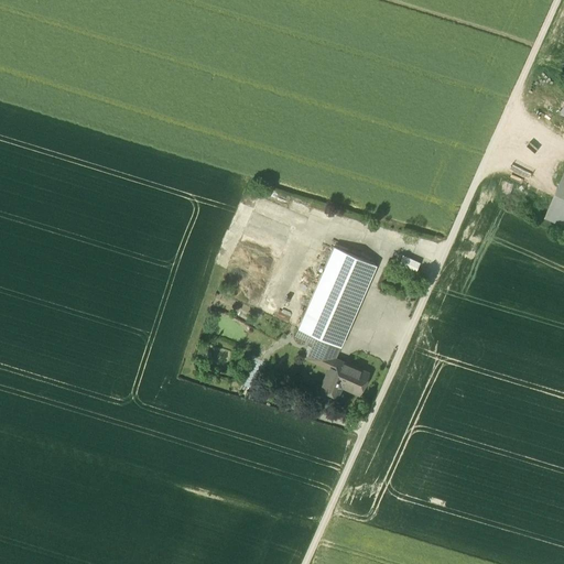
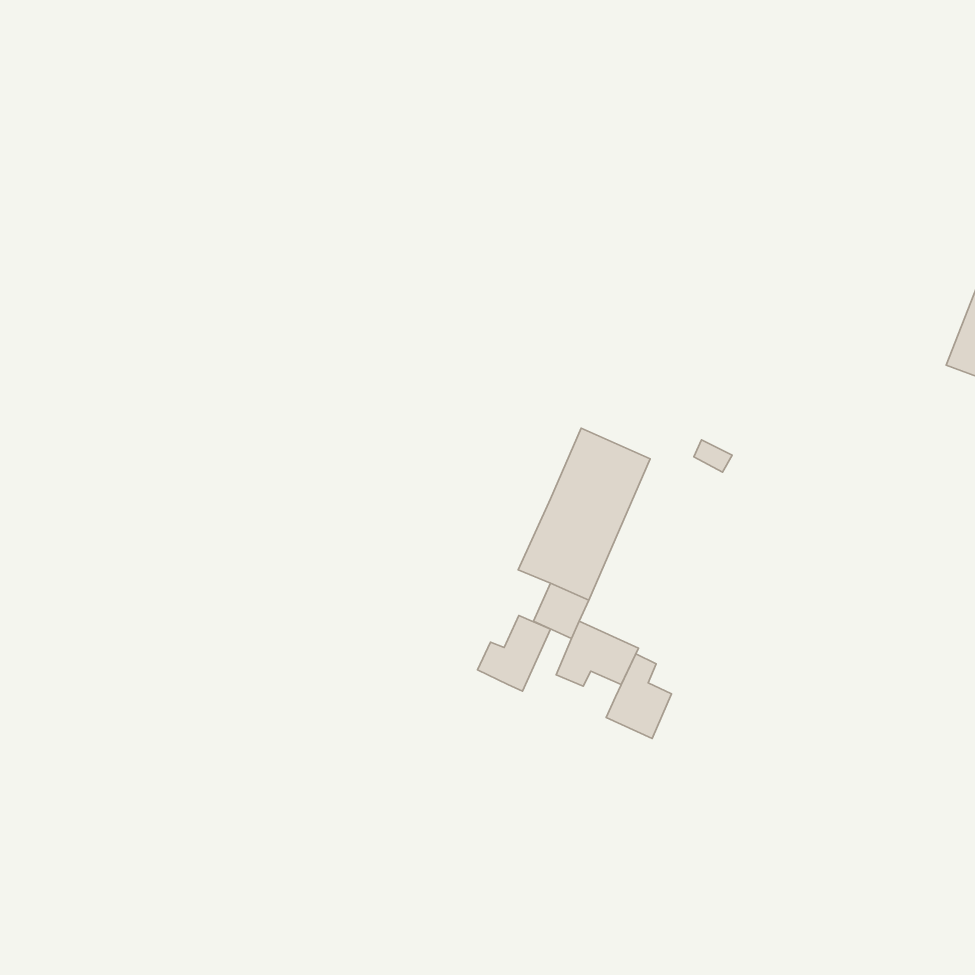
building: none -> [478,616,551,691]
building: none -> [606,654,672,738]

